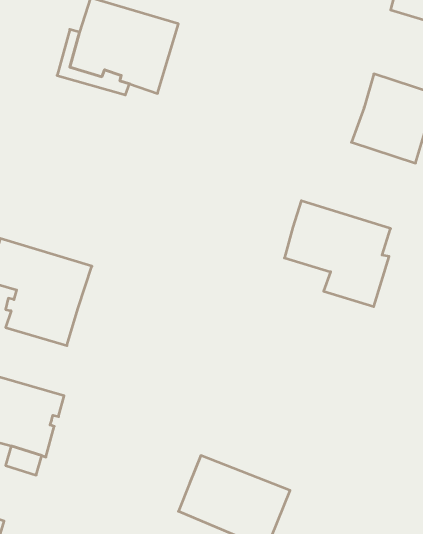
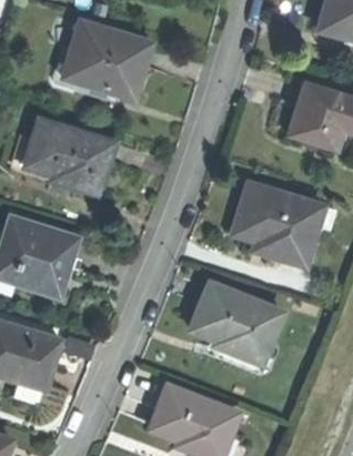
building: none -> [23,118,114,193]
building: none -> [191,284,282,364]

